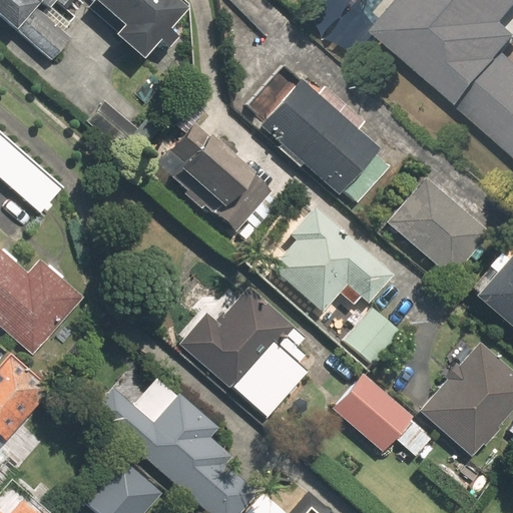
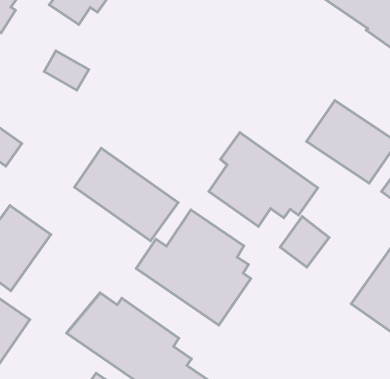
building: [260,81,391,201] -> none
building: [155,121,272,232] -> [74,148,178,241]
building: [331,372,433,456] -> none

